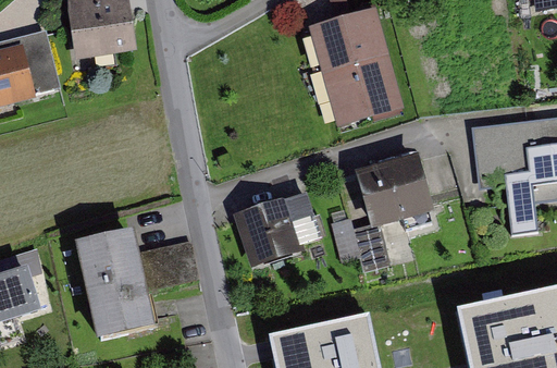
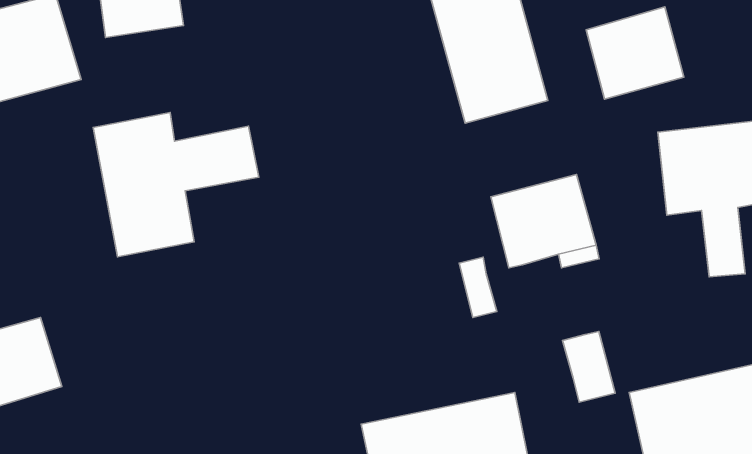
building: none -> [586,7,684,99]
building: [236,192,319,262] -> none
building: [352,221,391,272] -> [563,331,615,402]
building: [79,229,199,333] -> [93,113,259,257]

